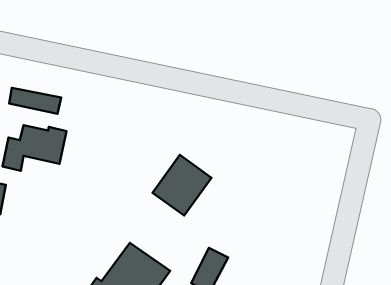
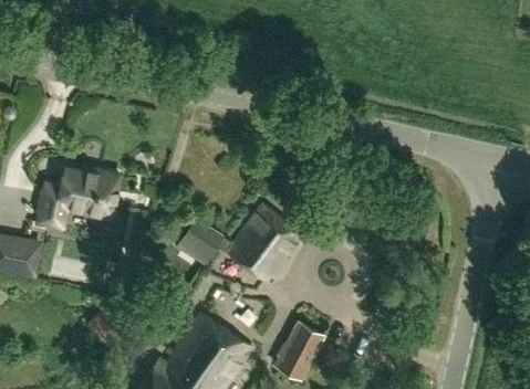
building: [9,88,61,114] -> none
building: none -> [178,220,232,263]

